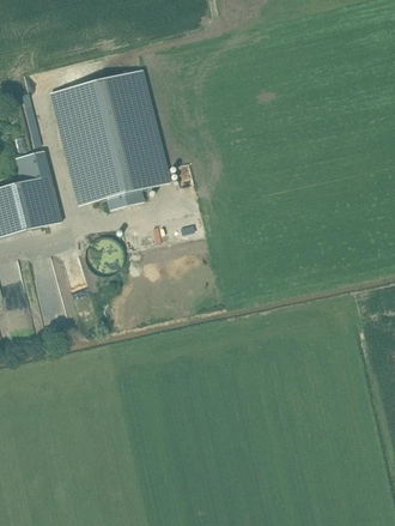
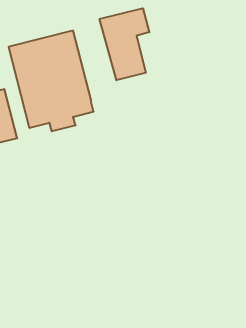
building: none -> [100,8,149,80]

